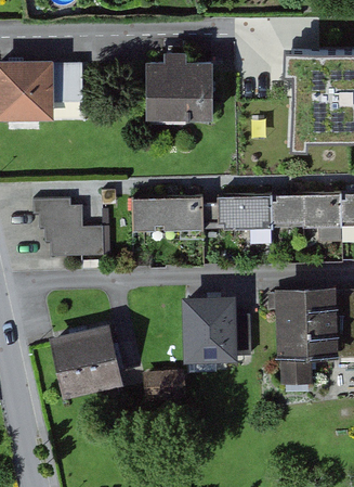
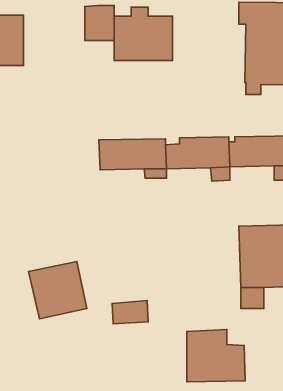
building: [50,63,81,101] -> [85,5,114,41]
building: [31,197,104,256] -> none
building: [187,298,250,355] -> [187,330,245,382]

